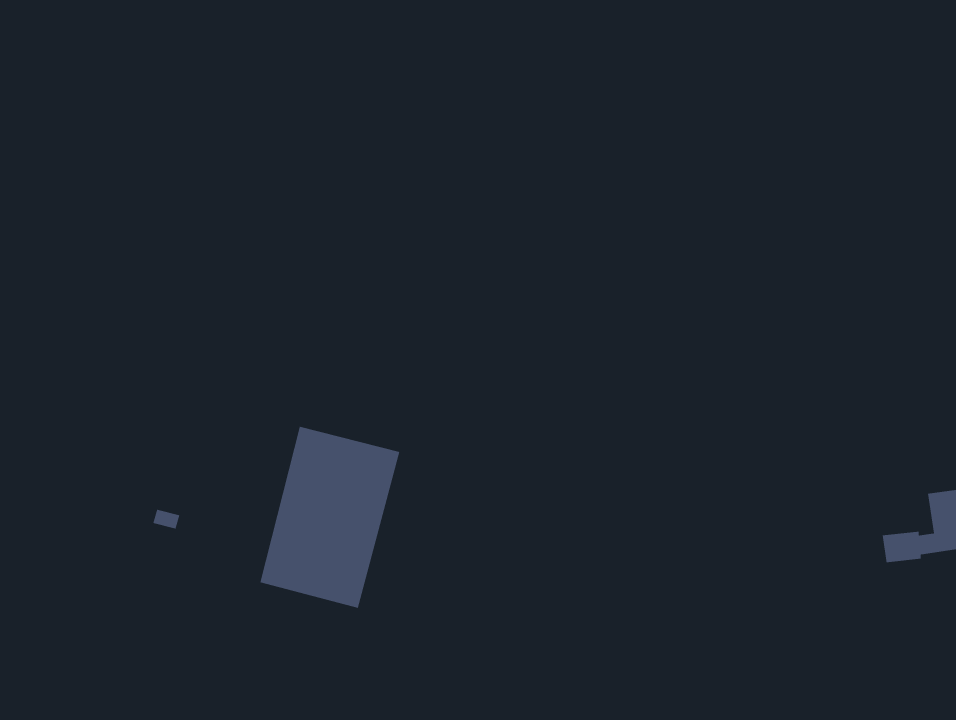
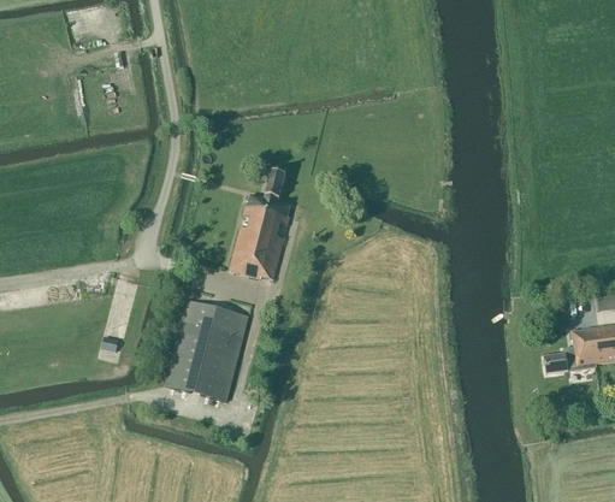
building: none -> [229,171,290,279]

